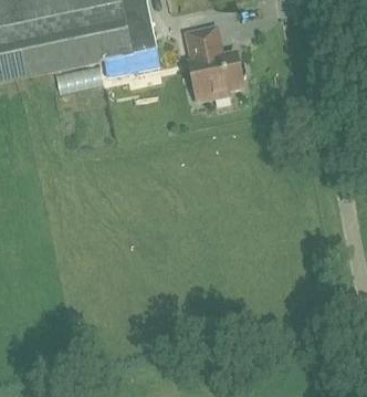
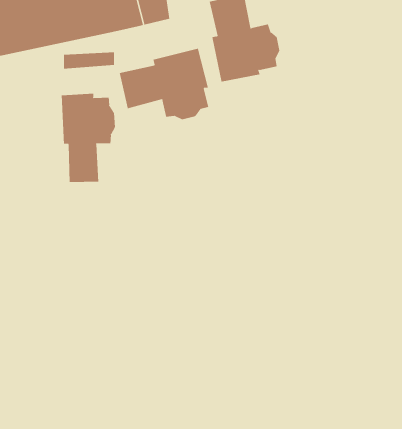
building: none -> [119,48,209,120]
building: none -> [61,93,115,183]

